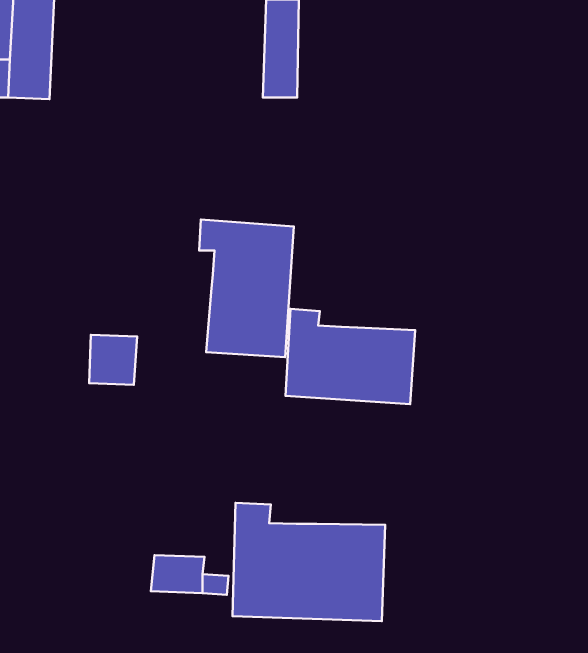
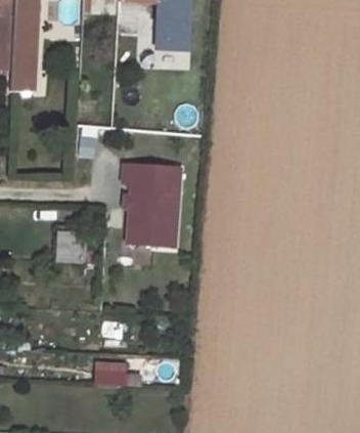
building: [285,309,415,404] -> none
building: [232,503,385,621] -> none

